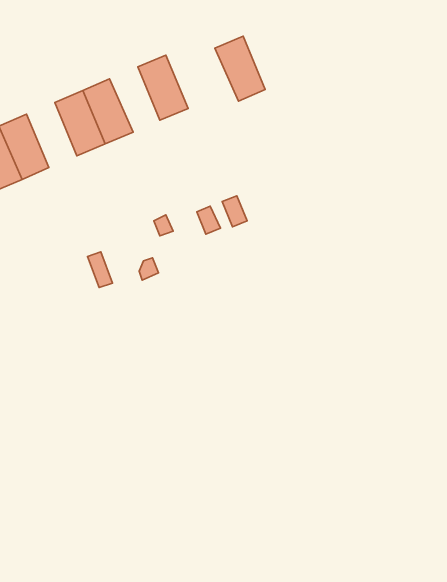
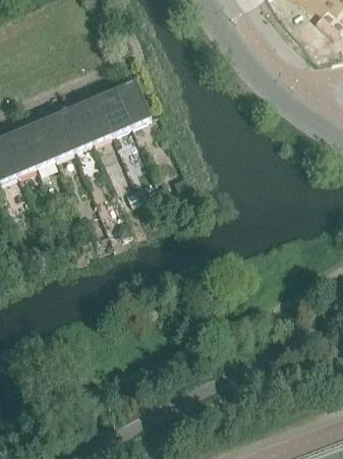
building: [215,36,265,101] -> [96,88,130,132]
building: none -> [39,112,73,157]

